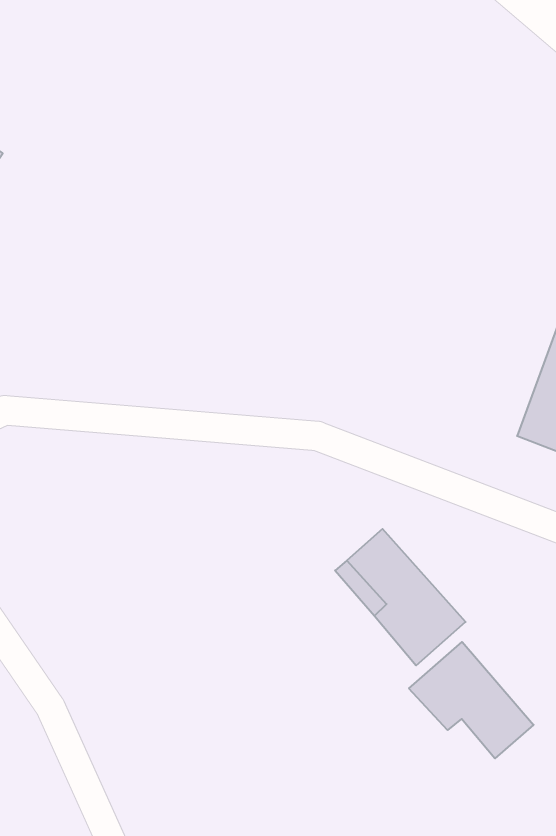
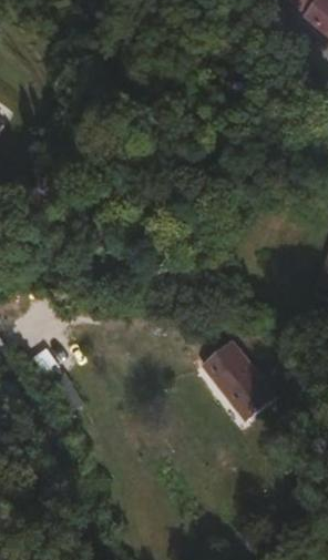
building: [409,642,534,758] -> none

